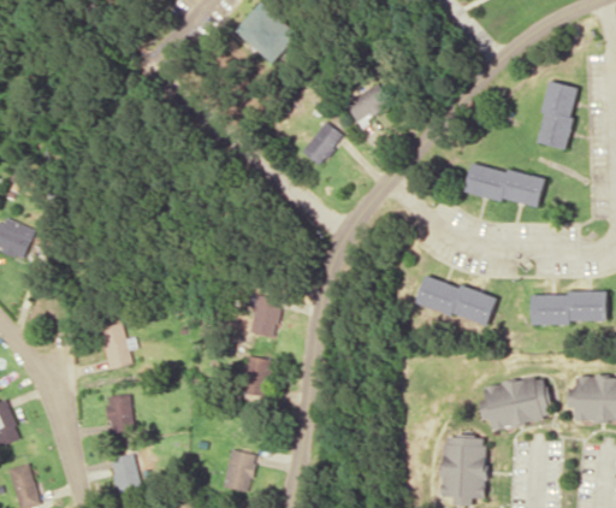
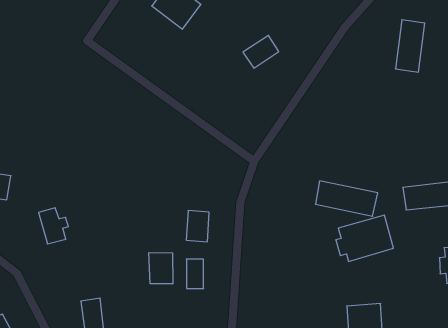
building: [301,122,343,166] -> none
building: [464,163,545,208] -> none
building: [100,324,136,368] -> [39,208,68,244]
building: none -> [149,253,173,284]
building: [478,376,550,430] -> [336,215,393,261]

